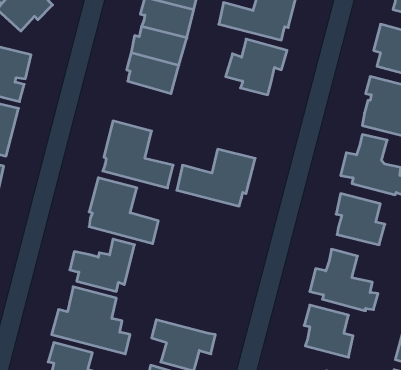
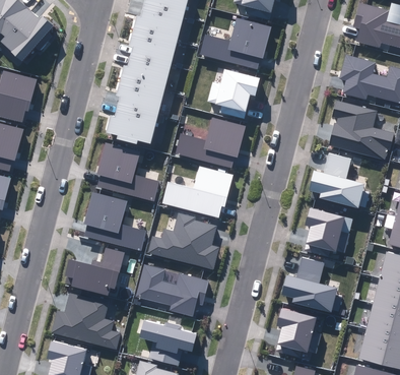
building: none -> [108,106,157,143]
building: none -> [175,117,245,168]
building: none -> [147,212,219,269]
building: none -> [136,263,209,315]

